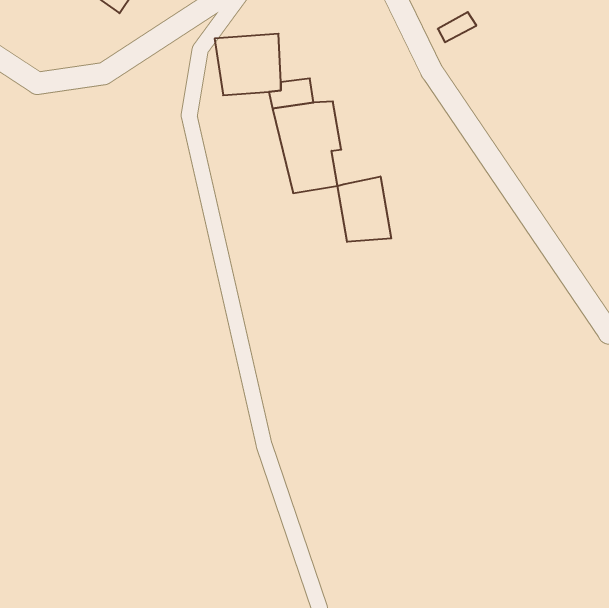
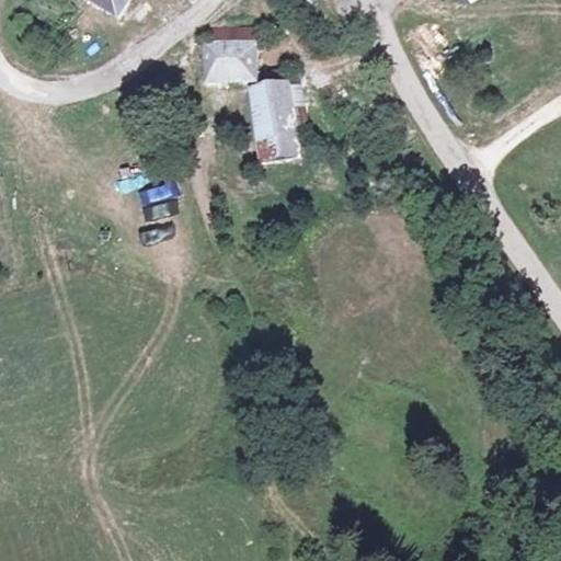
building: [338,176,391,242] -> none

